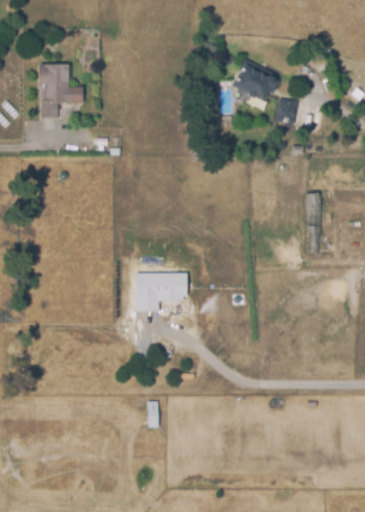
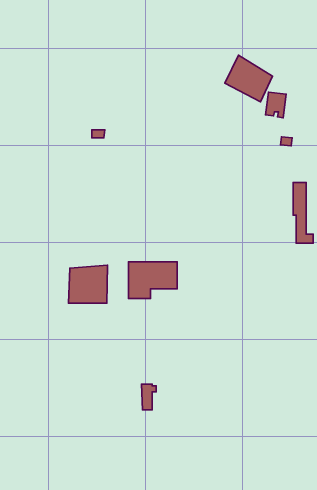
building: [39,64,83,118] -> none
building: none -> [68,265,108,303]

